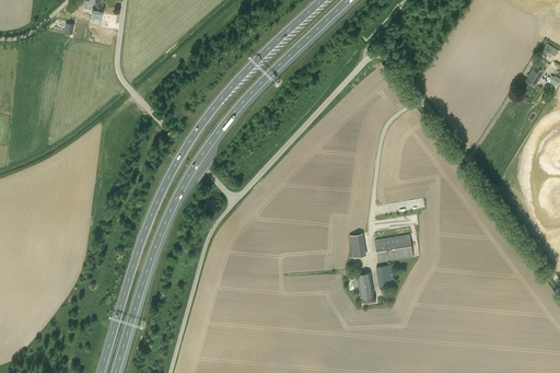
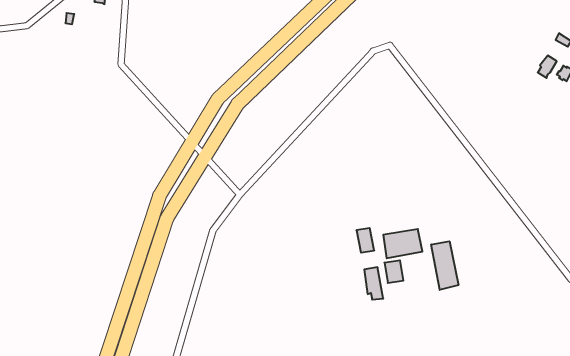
building: none -> [431,241,458,290]

